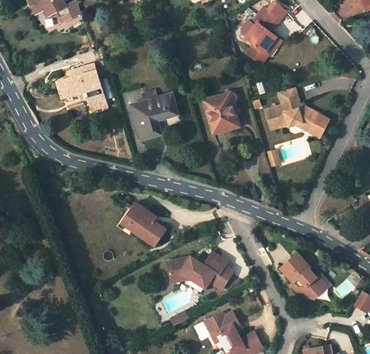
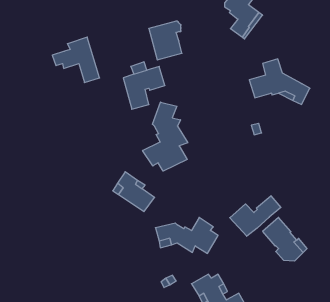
building: [204,92,239,133] -> [149,21,182,60]
building: none -> [143,102,188,171]
building: none -> [230,196,281,236]

